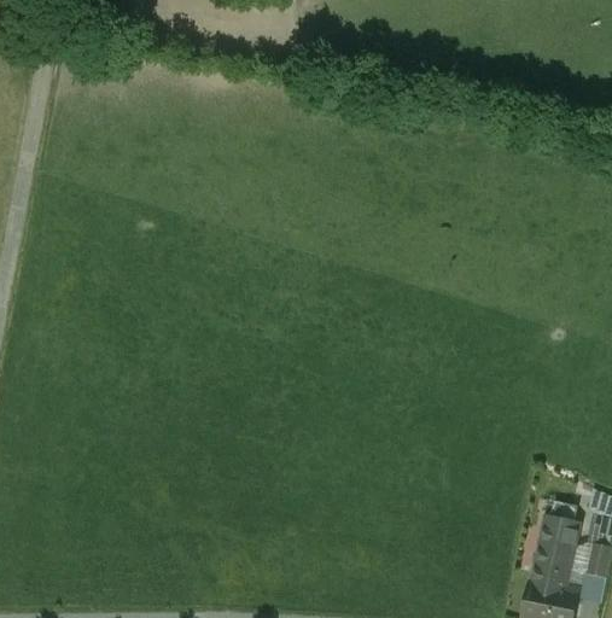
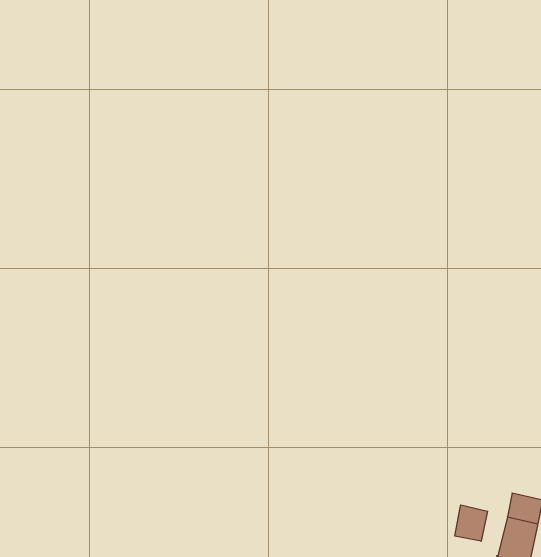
building: none -> [455,505,488,541]

